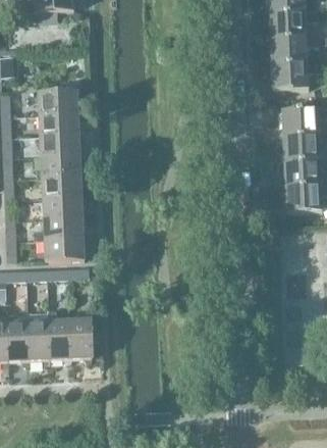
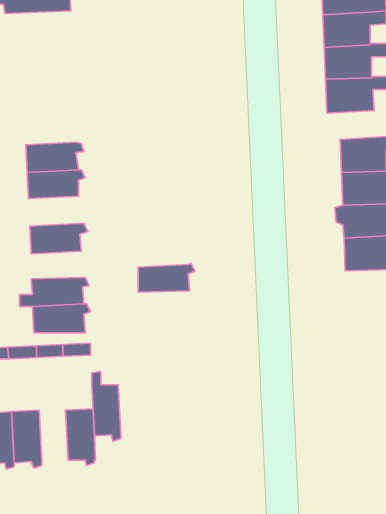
building: [38,90,83,113] -> none
building: [41,153,86,177] -> none
building: [43,195,87,217] -> [138,263,195,292]
building: [49,309,71,363] -> [92,372,121,441]

